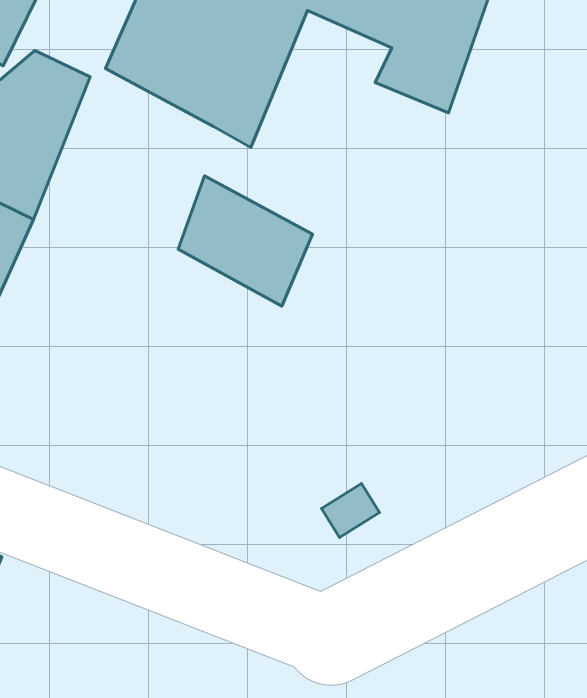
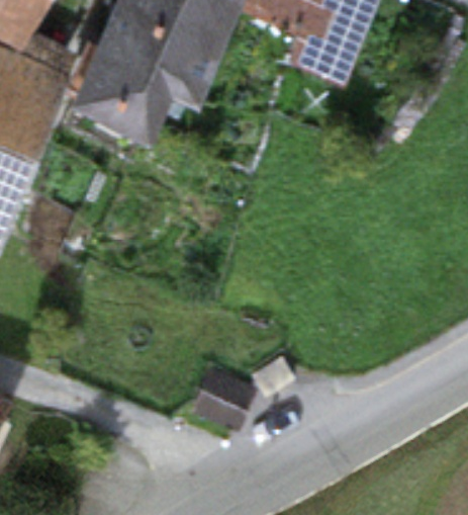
building: [178,176,312,306] -> [73,53,171,148]

